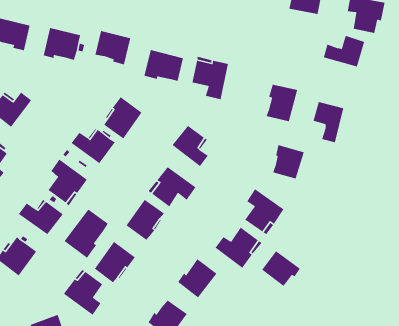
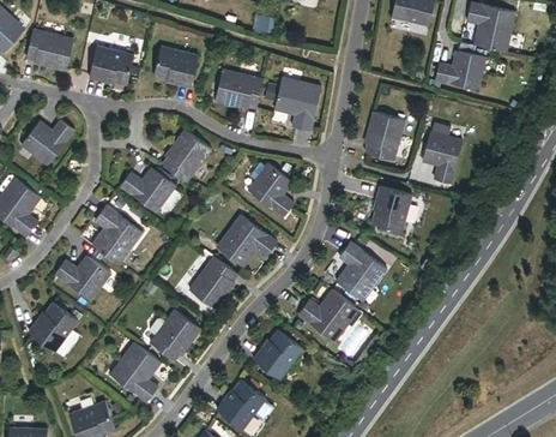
building: [63,208,109,259] -> none
building: [261,250,301,287] -> none

